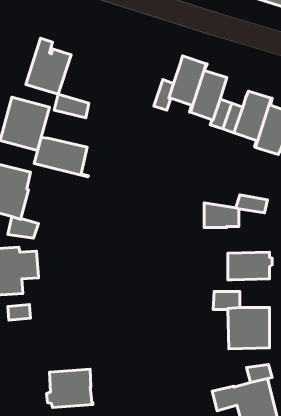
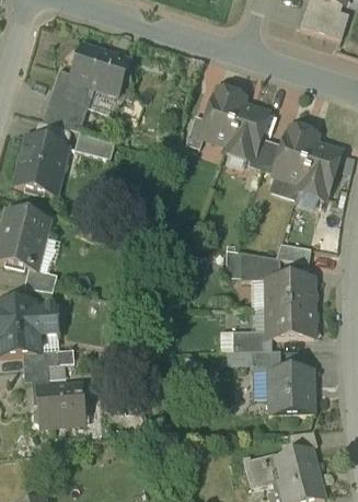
building: none -> [70,45,130,95]
building: [34,137,88,177] -> none
building: none -> [267,277,317,307]
building: none -> [233,330,273,351]
building: none -> [23,335,60,366]
building: [47,369,93,408] -> [34,384,85,427]

